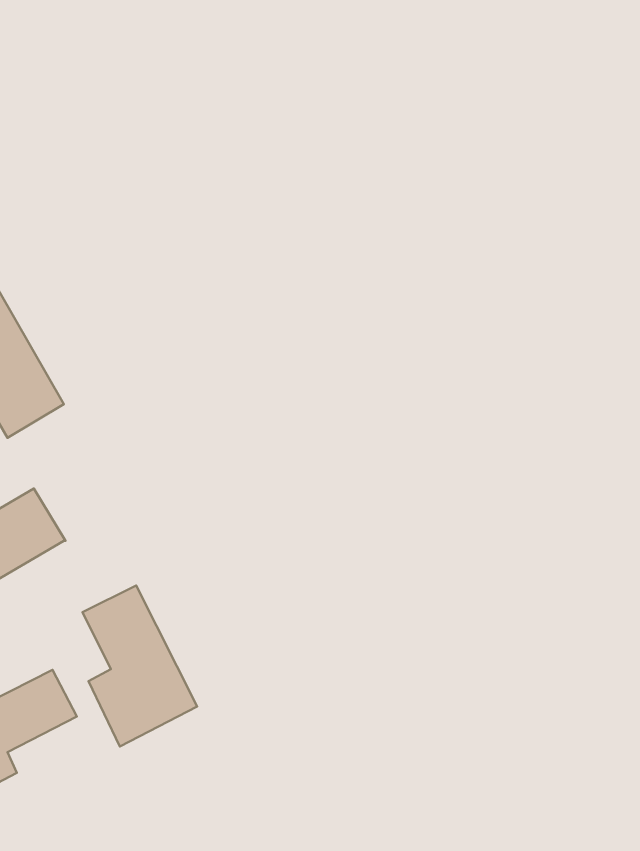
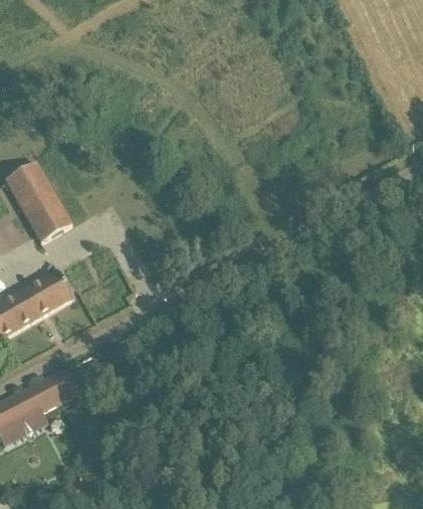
building: [83,585,197,747] -> none

